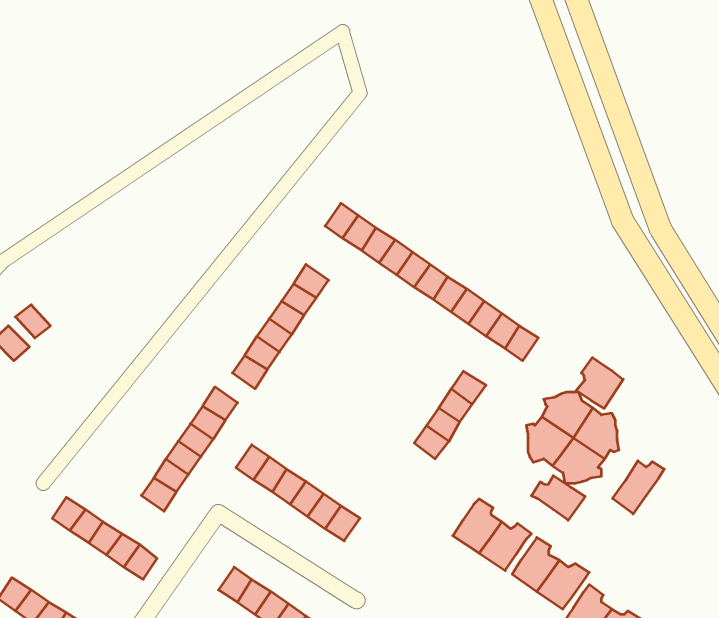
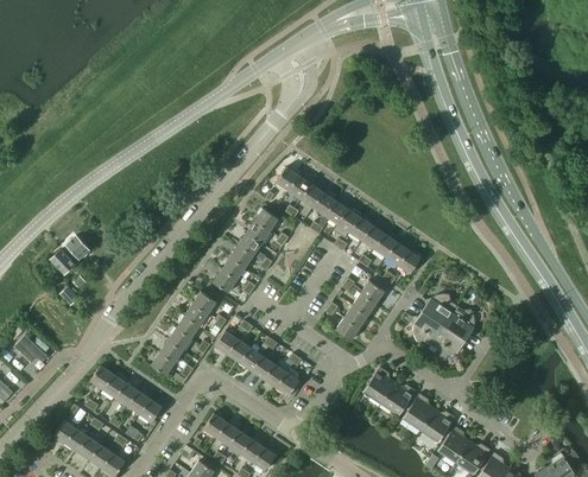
building: [576,358,623,408] -> none
building: [613,461,664,514] -> none
building: [531,476,585,520] -> none

